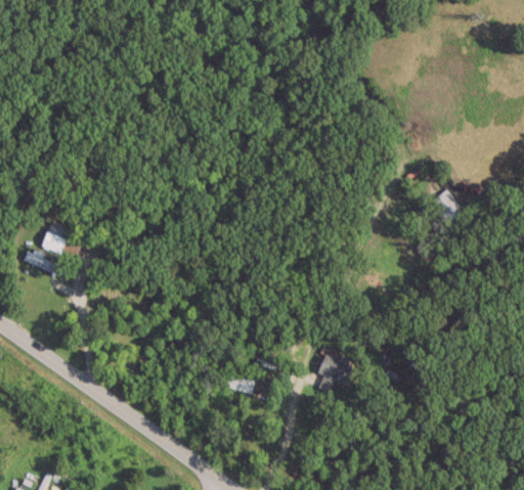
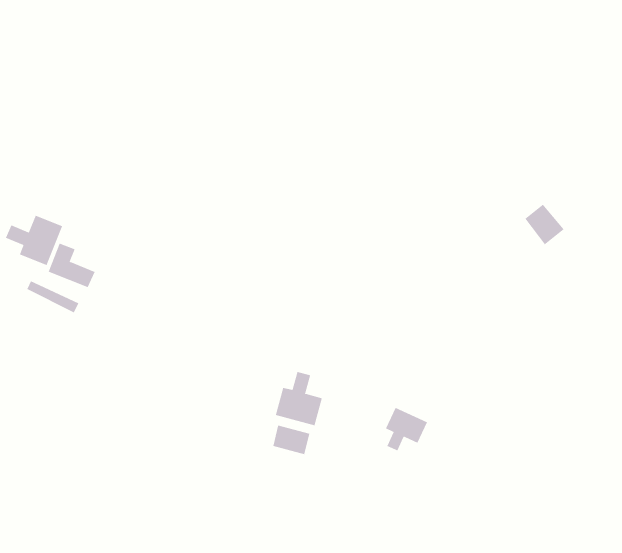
building: none -> [5,215,63,266]
building: none -> [275,371,322,426]

